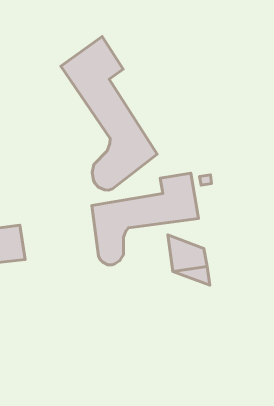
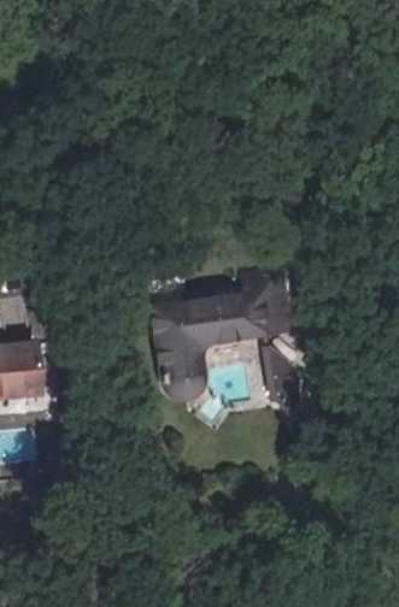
building: [61,36,157,190] -> none

